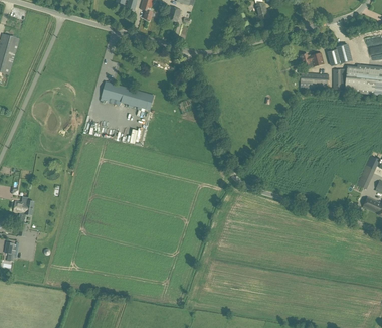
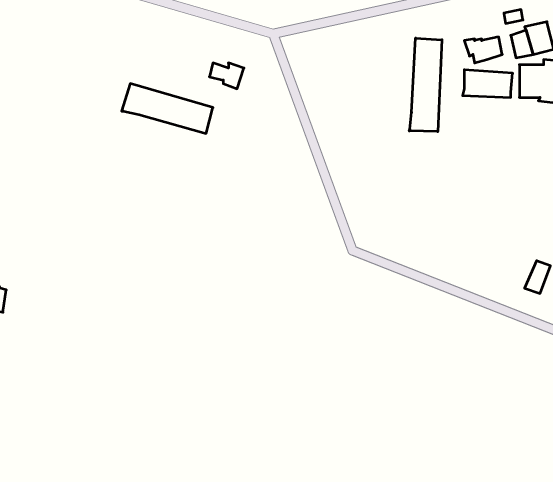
building: none -> [409,38,442,132]

